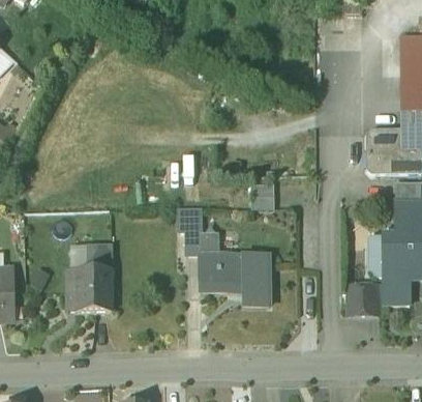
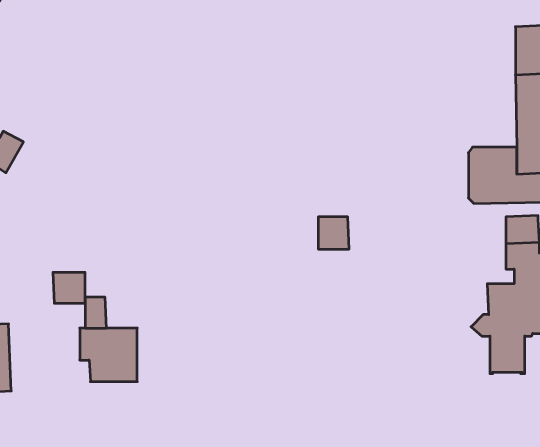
building: [177,211,271,307] -> none
building: [86,247,111,270] -> [53,272,85,303]
building: [348,286,378,314] -> none

